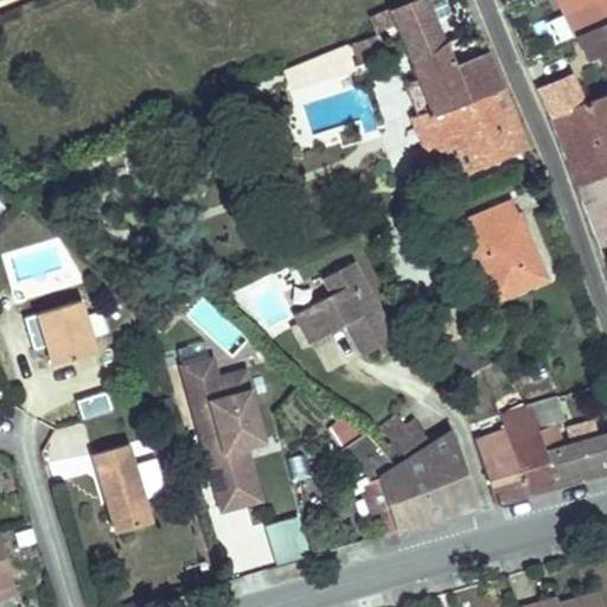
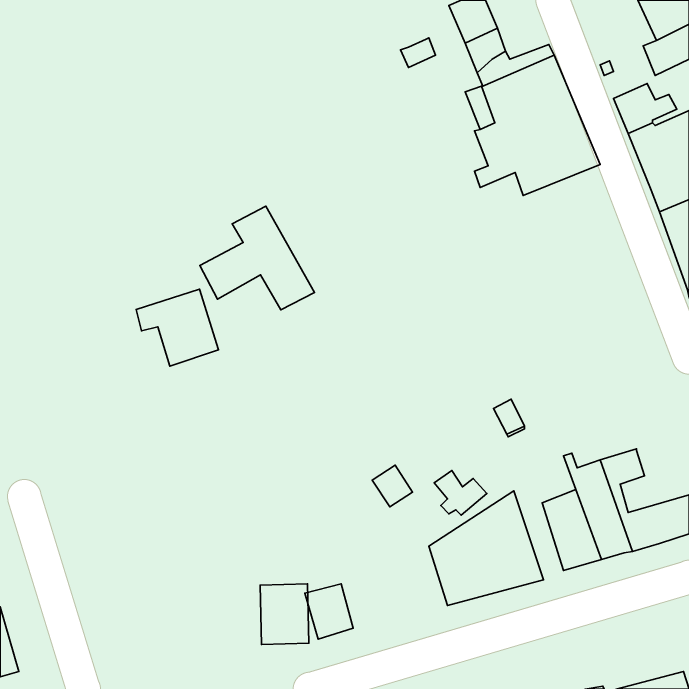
building: [454,198,547,300] -> none
building: [294,260,395,351] -> [200,206,314,310]
building: [27,301,100,369] -> [136,289,218,366]
building: [183,352,268,510] -> none
building: [95,445,152,532] -> none

